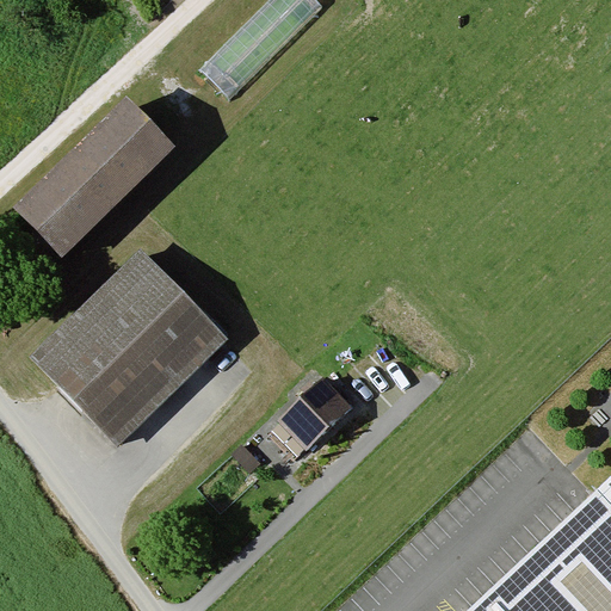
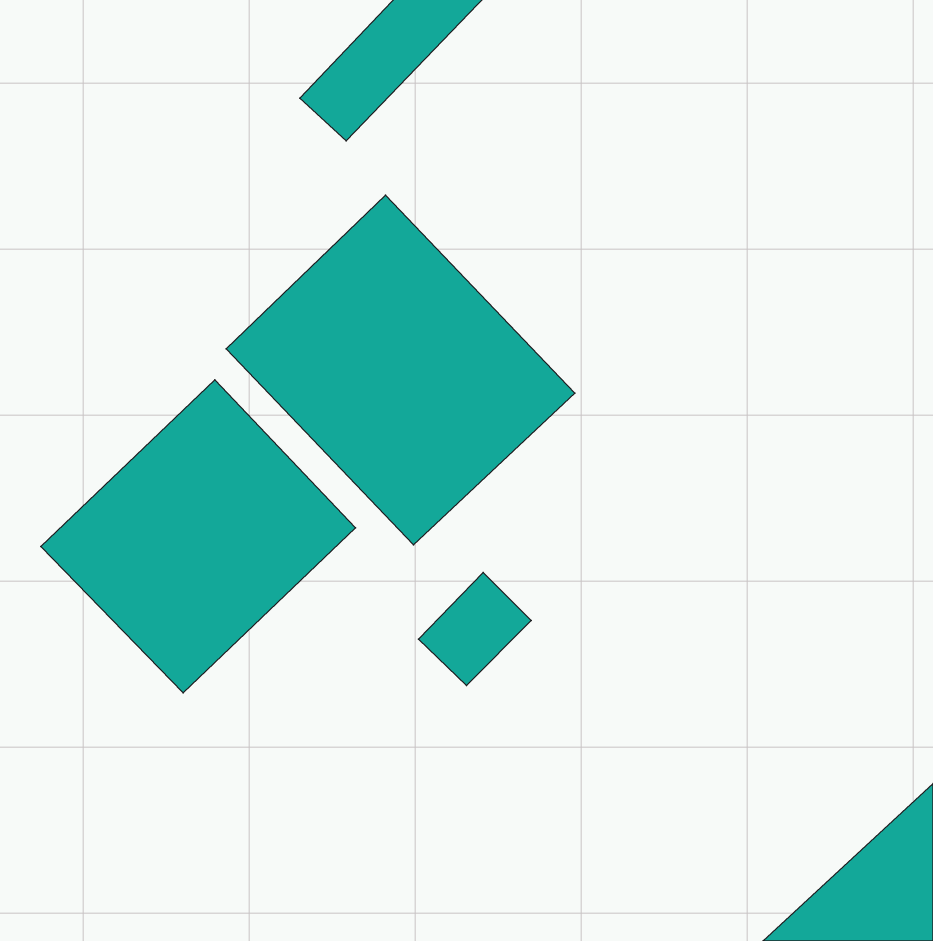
building: [17,98,179,258] -> none
building: none -> [226,195,575,545]

